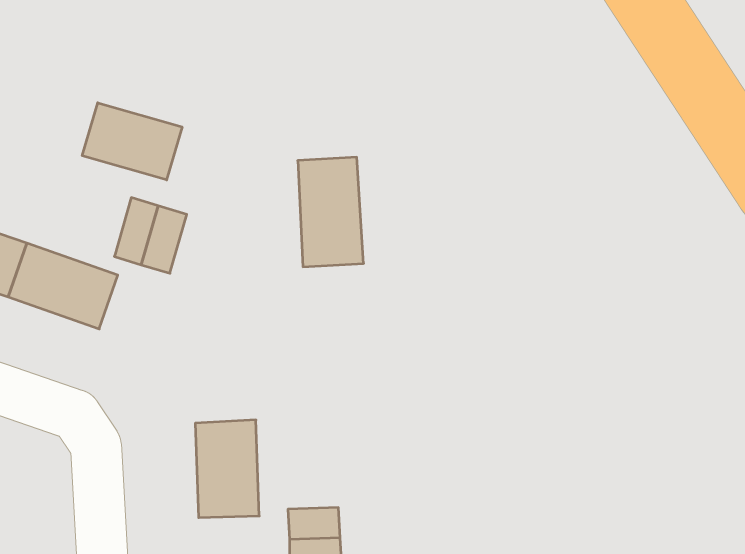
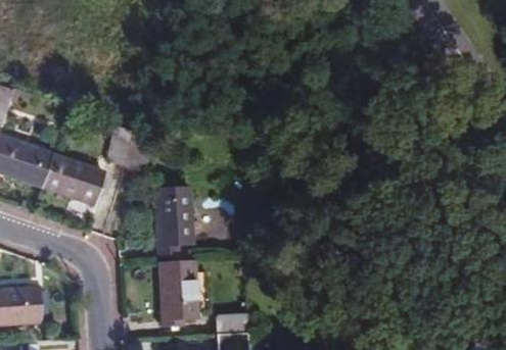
building: [82,103,182,180] -> none
building: [298,157,364,267] -> [153,185,193,251]

